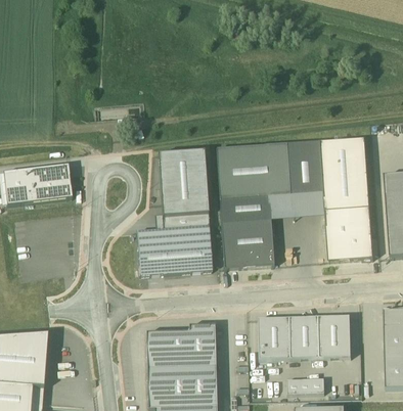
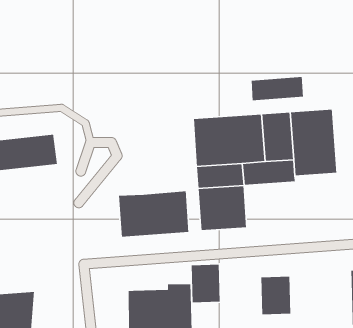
building: none -> [251,76,304,101]
building: [156,150,209,228] -> none
building: [324,206,372,260] -> none
building: [319,314,351,356] -> none
building: [257,316,288,358] -> [191,264,221,303]

